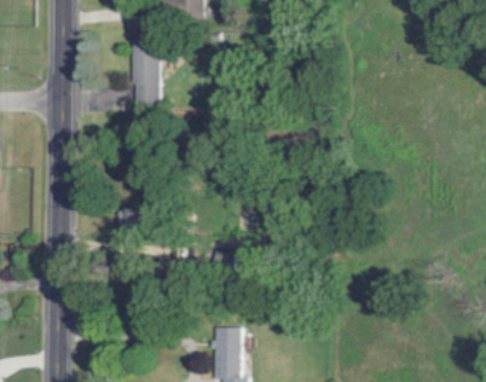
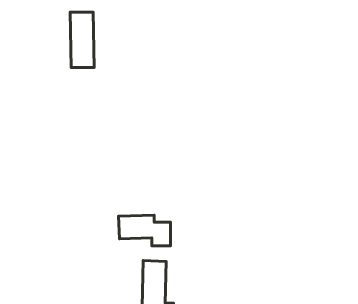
building: none -> [119,215,170,246]

